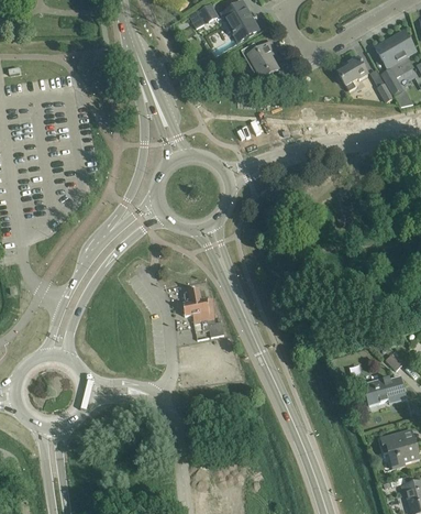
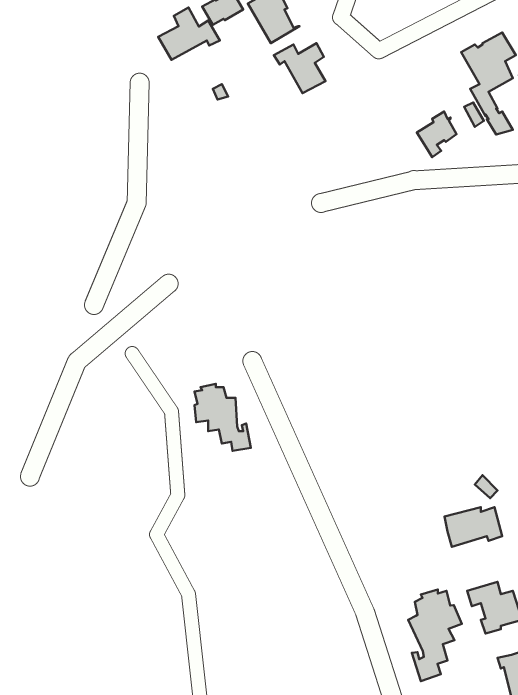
building: none -> [158,7,220,60]
building: [337,57,366,90] -> [417,111,456,157]
building: none -> [408,589,462,681]

